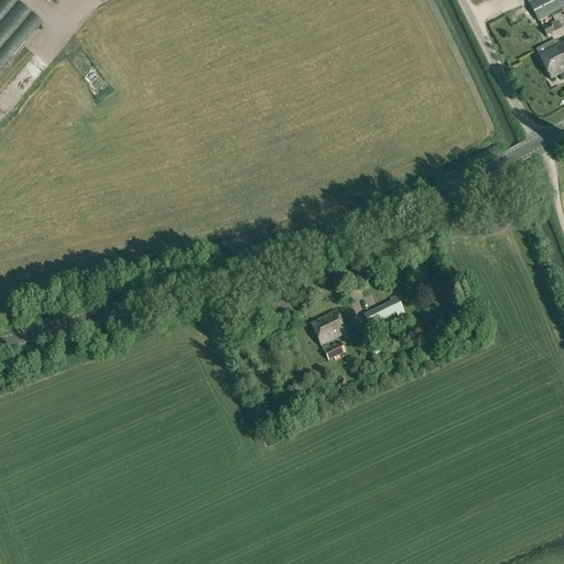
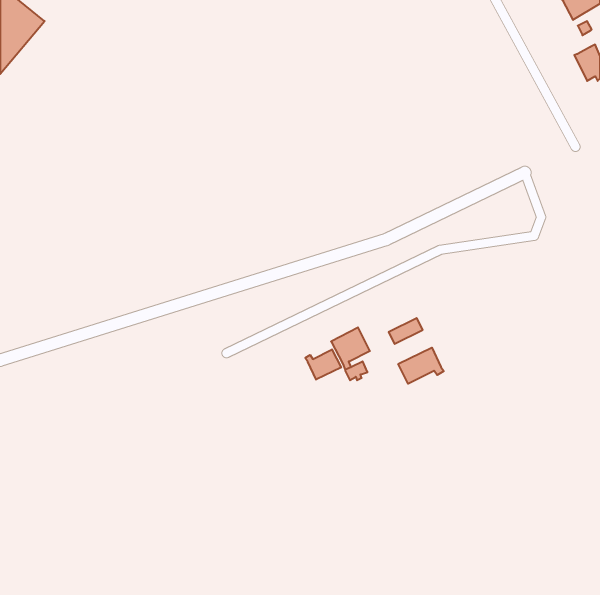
building: none -> [398,348,444,384]
building: none -> [305,349,341,380]

